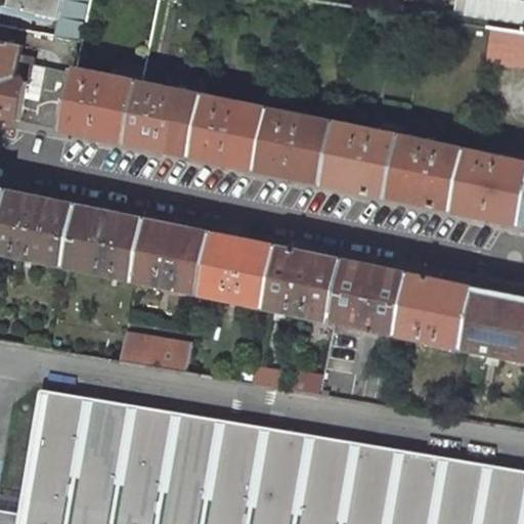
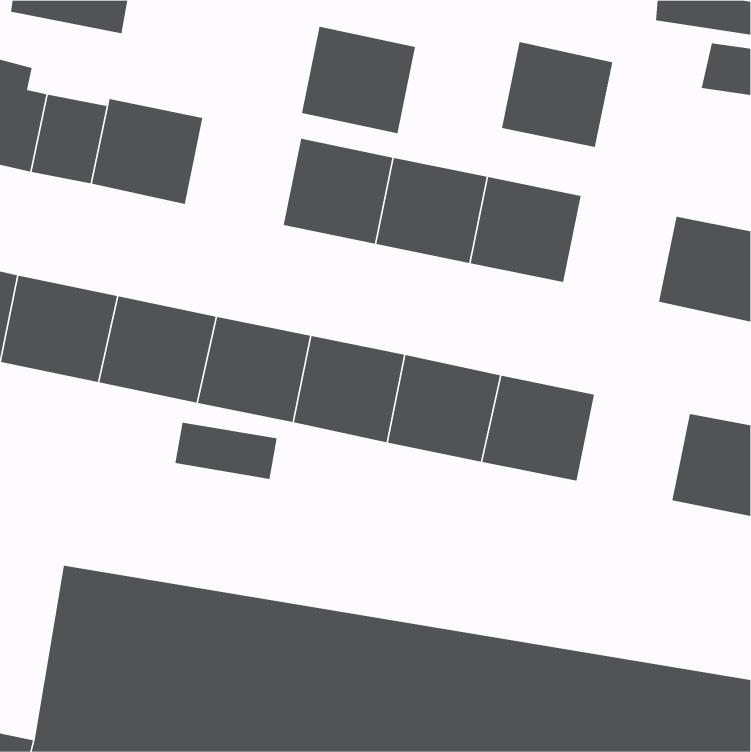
building: [129,82,209,157] -> [301,26,416,134]
building: [392,136,470,210] -> [501,42,613,147]
building: [401,274,479,348] -> none
building: [122,335,193,375] -> [174,422,277,479]

